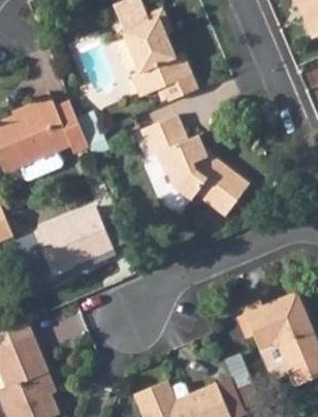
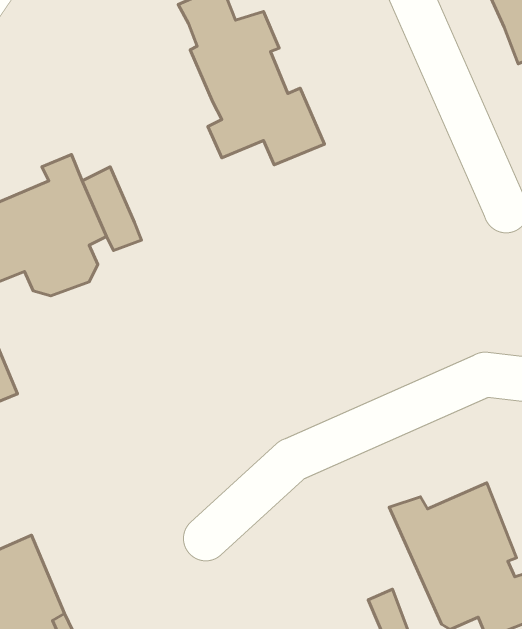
building: [138,117,252,213] -> none
building: [36,203,118,272] -> none

